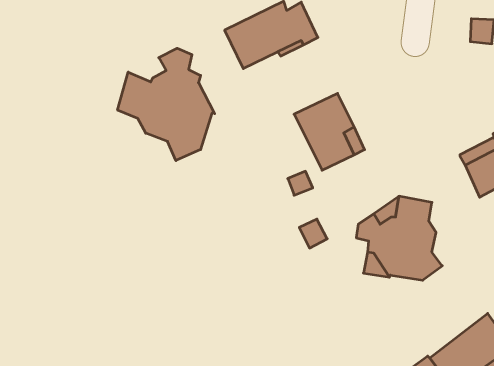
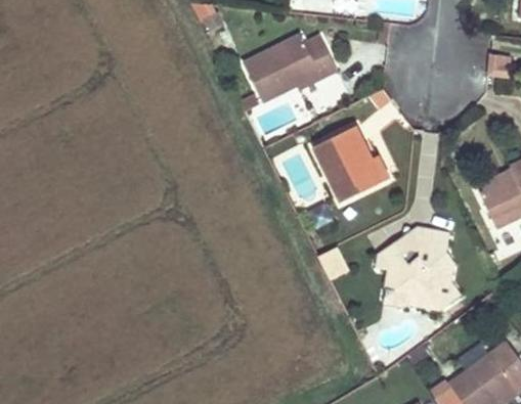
building: [118,48,215,161] -> none

